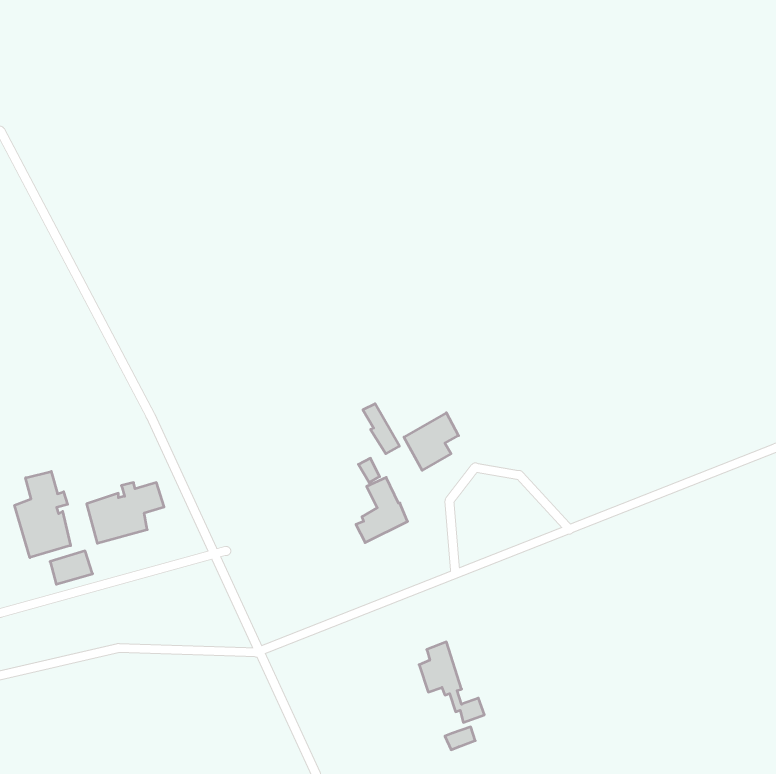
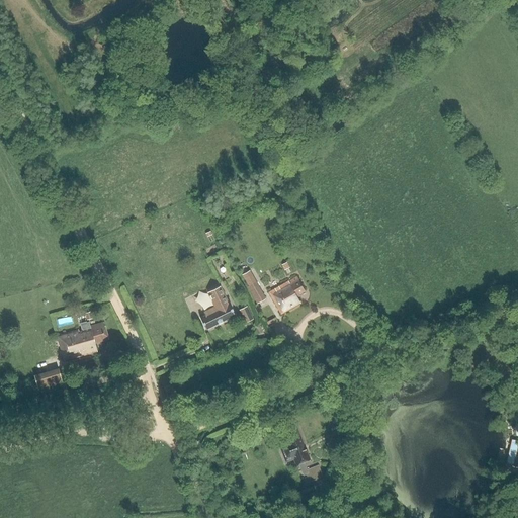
building: [15,471,71,558] -> none
building: [356,477,408,543] -> [200,285,235,329]

